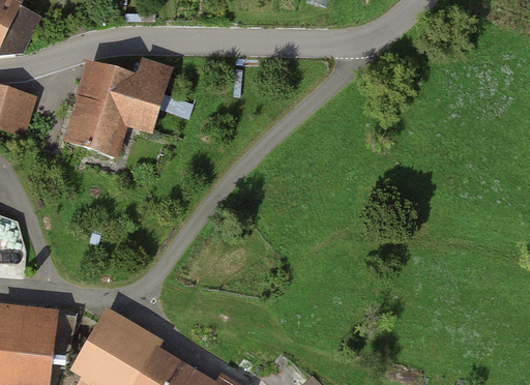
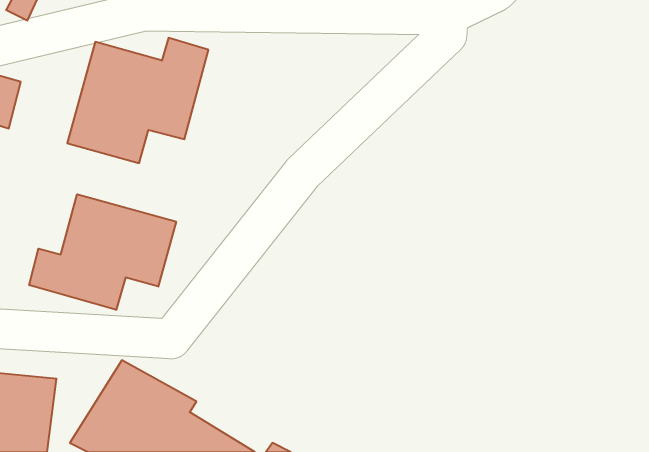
building: none -> [29,194,176,310]

